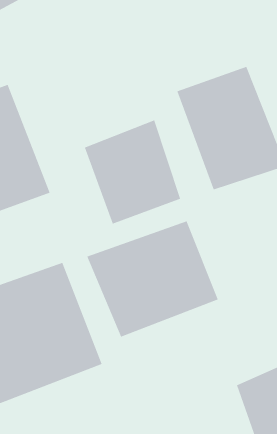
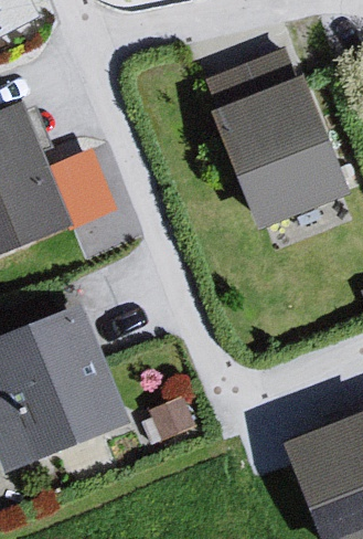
building: [84,119,181,225] -> none
building: [87,220,218,337] -> none

